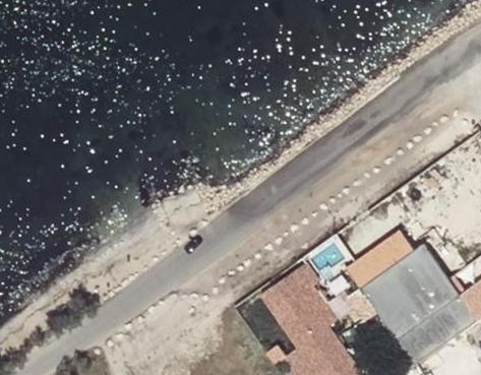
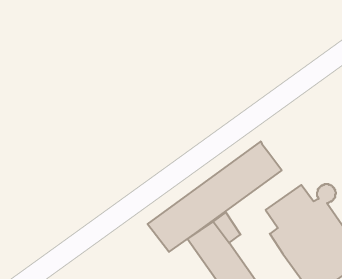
building: none -> [148,141,282,252]

